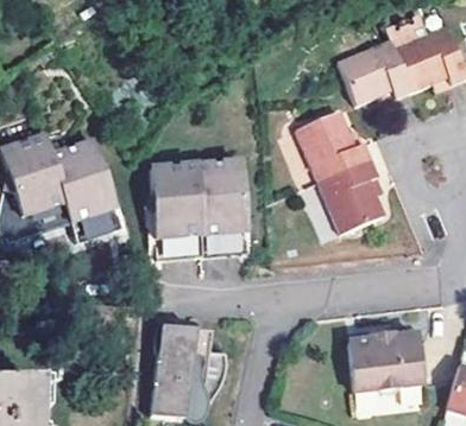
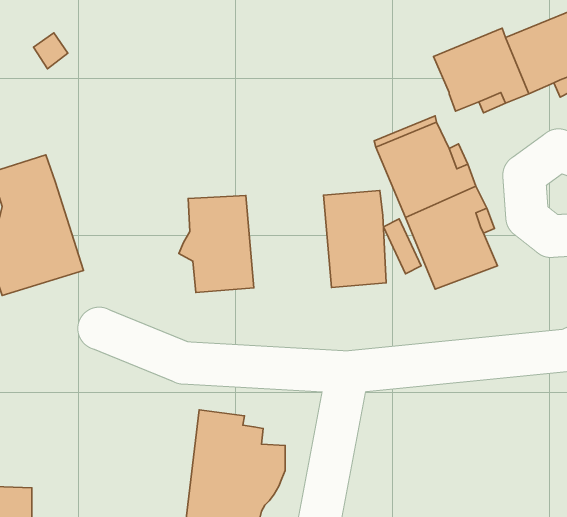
building: [52,144,121,243] -> none
building: [197,163,245,236] -> [324,191,386,288]
building: [348,337,420,398] -> none

